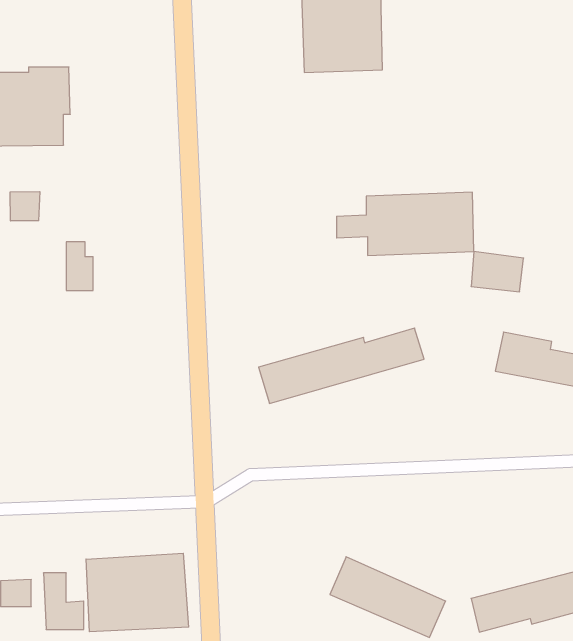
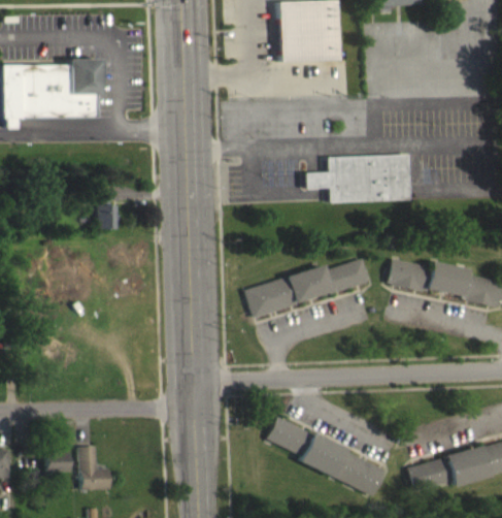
building: [10,192,40,221] -> none
building: [471,251,524,292] -> [389,260,429,291]
building: none -> [267,417,311,455]
building: [86,553,189,632] -> none

